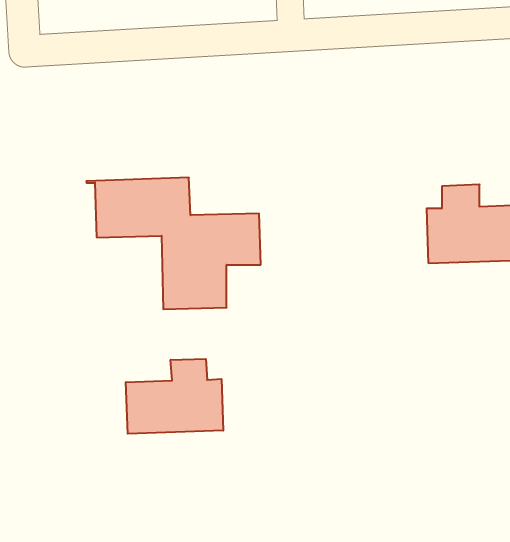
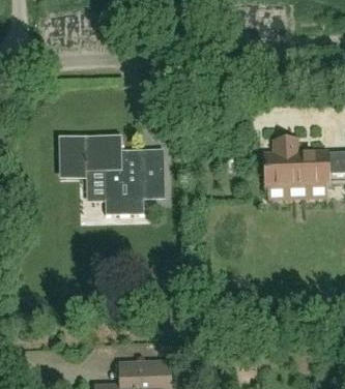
building: [126,359,223,434] -> none

